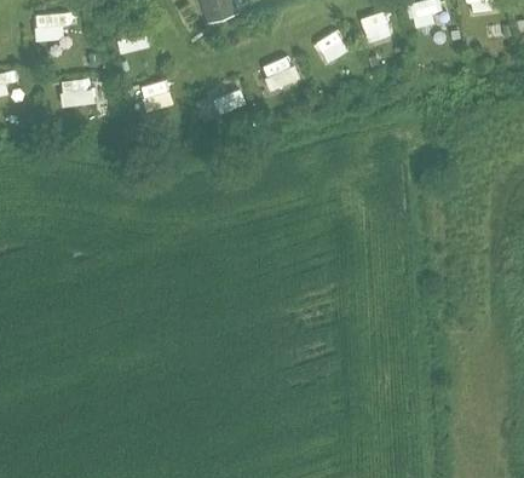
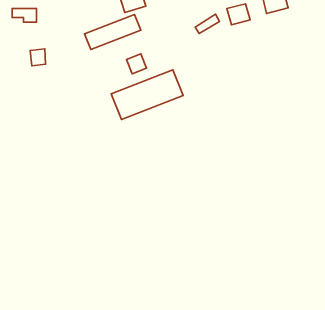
building: none -> [85,15,141,50]
building: none -> [111,70,183,119]

